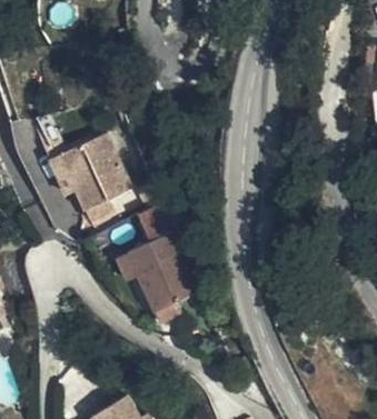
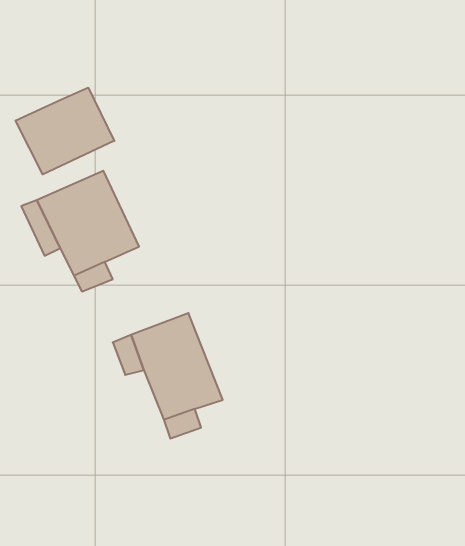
building: none -> [16,88,114,174]

